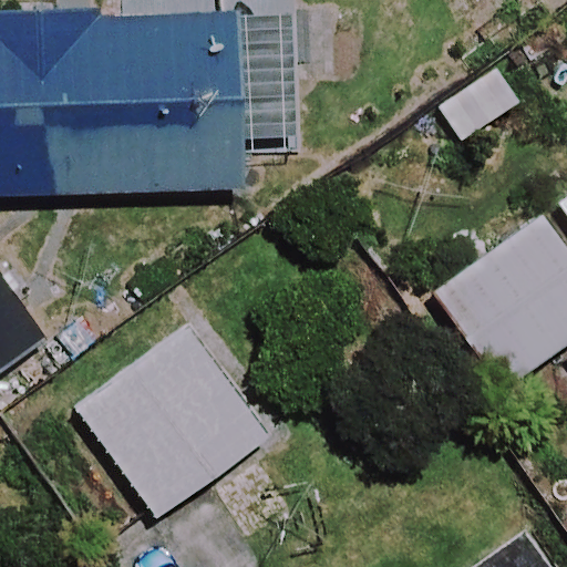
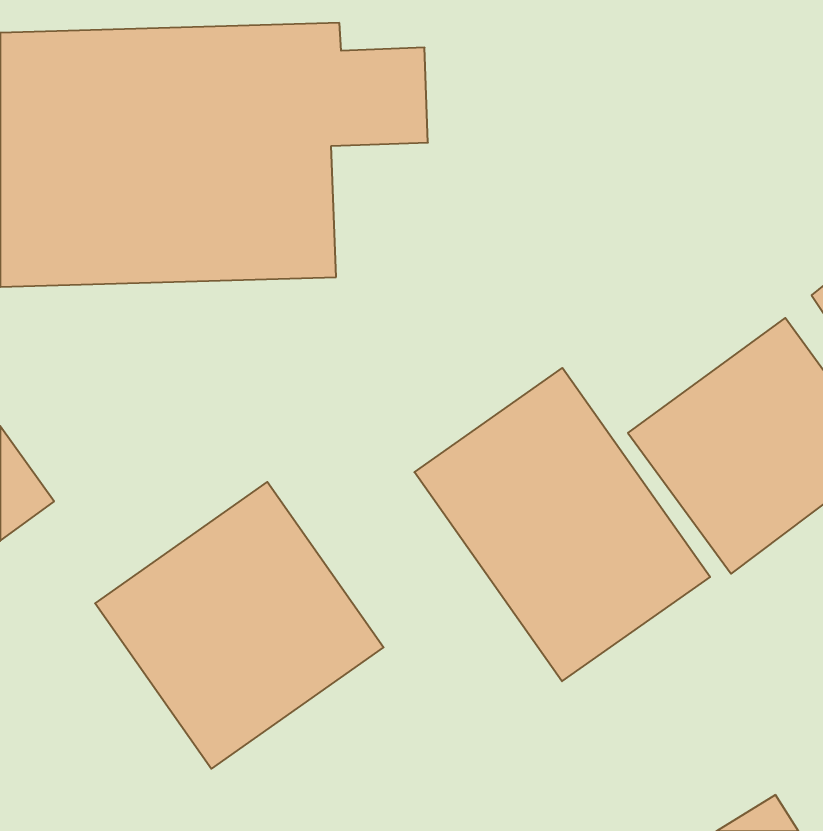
building: none -> [414,368,710,681]

